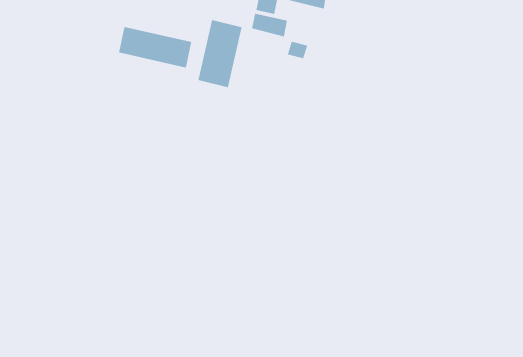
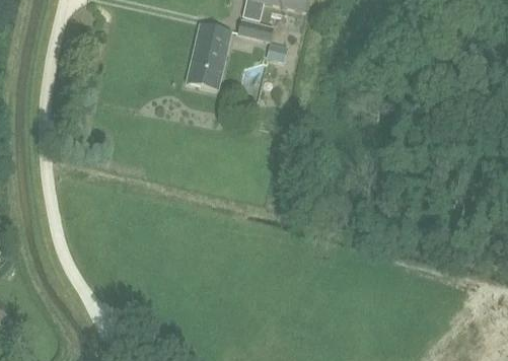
building: [118,26,192,68] -> none

